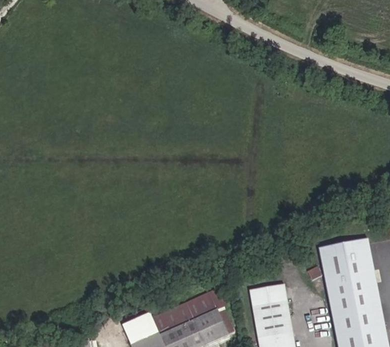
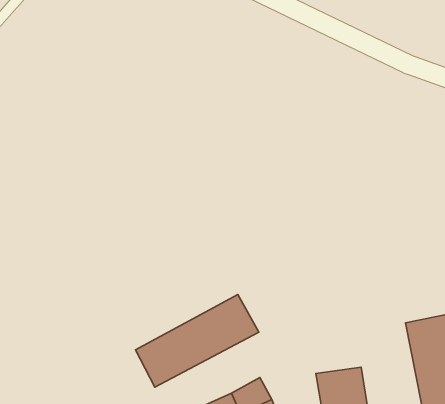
building: none -> [136,295,259,387]

